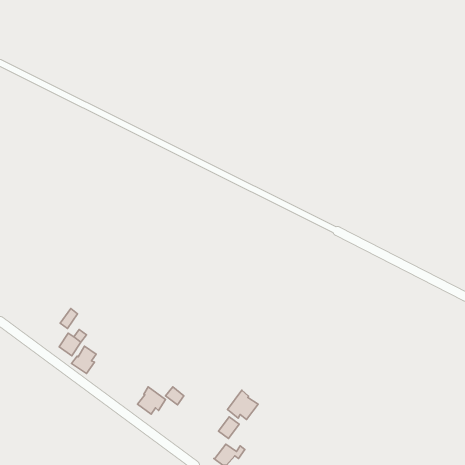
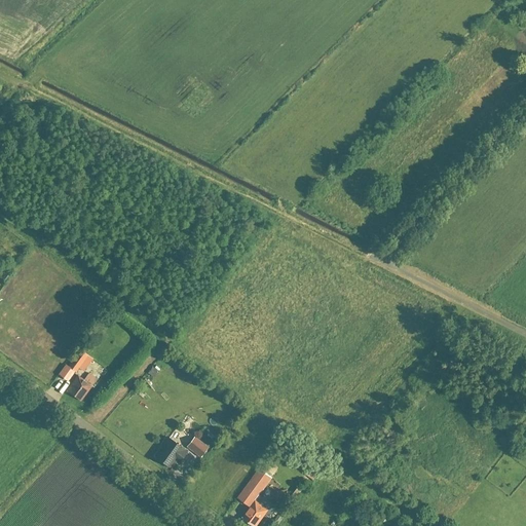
building: [72,346,96,373] -> none
building: [227,390,258,420] -> none

